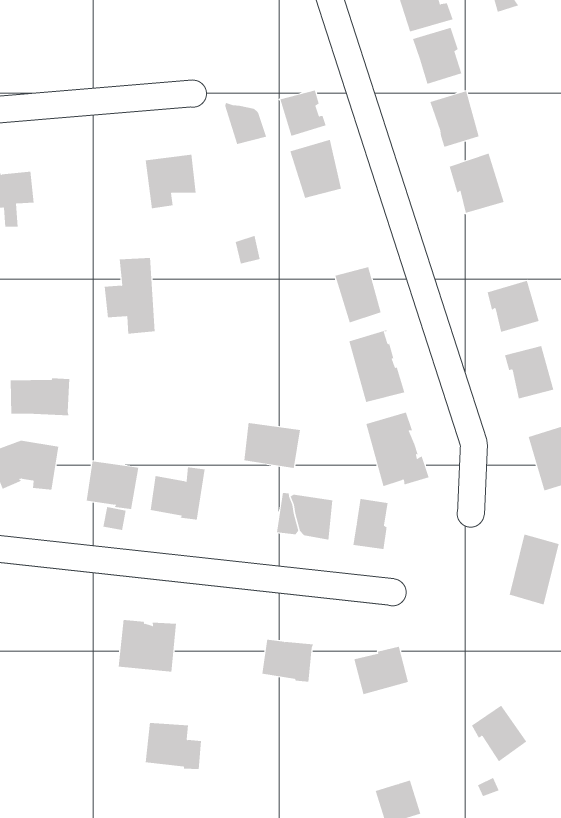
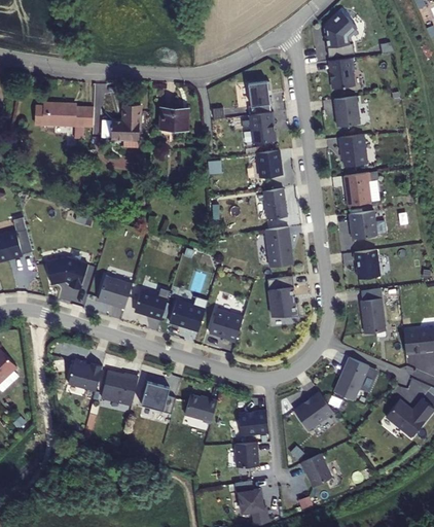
building: [225,102,267,145] -> none
building: none -> [256,151,281,179]
building: none -> [345,174,372,207]
building: [104,257,156,334] -> [114,102,145,147]
building: [10,378,70,416] -> none
building: [243,422,301,468] -> [169,301,205,331]
building: [353,498,388,550] -> none
building: none -> [293,393,332,431]
building: none -> [67,359,102,391]
building: none -> [234,444,257,468]
building: [145,723,202,770] -> [140,383,175,415]

